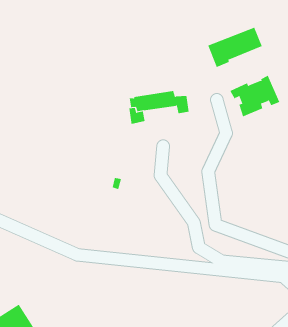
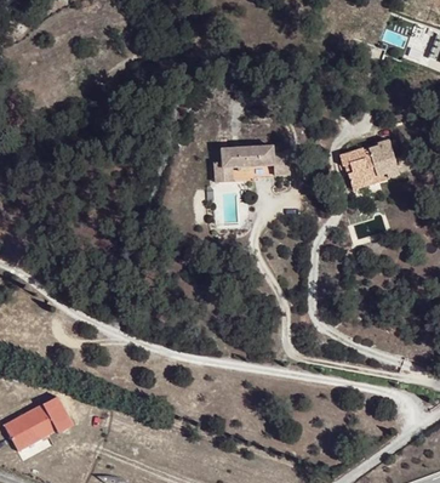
building: [208,27,263,68] -> none

